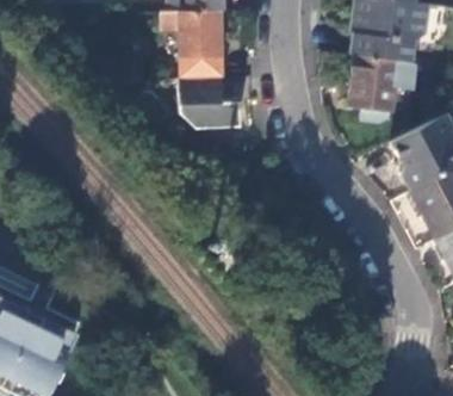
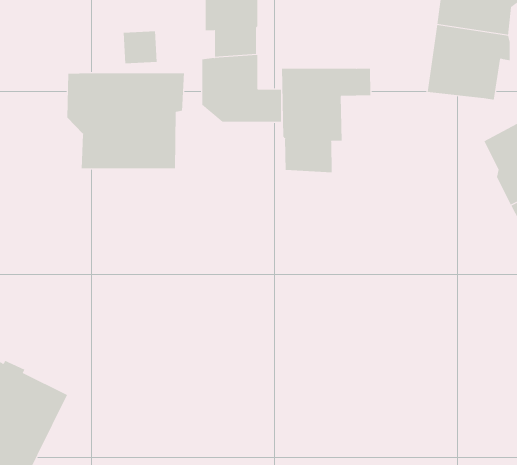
building: none -> [282,68,371,173]
building: none -> [67,72,185,169]

